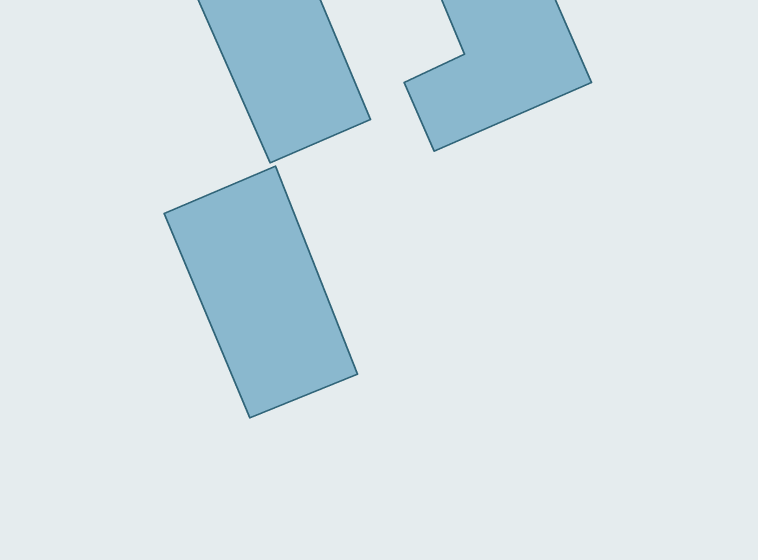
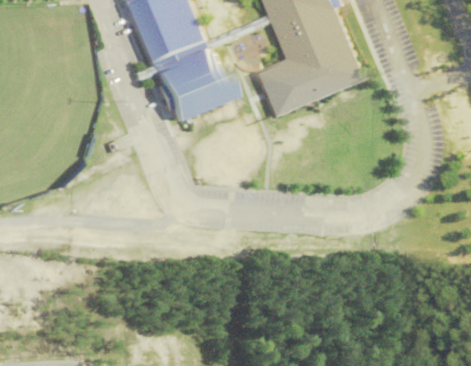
building: [164,166,357,418] -> none

